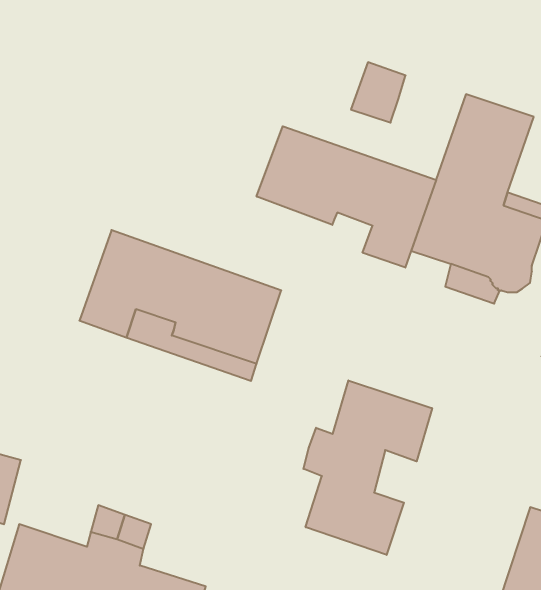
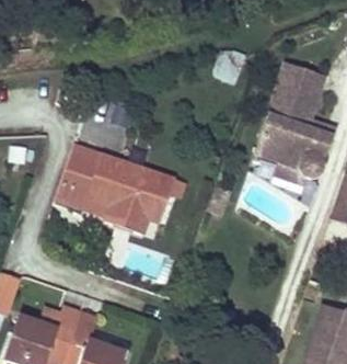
building: [257,126,436,268] -> none
building: [303,380,432,555] -> none

